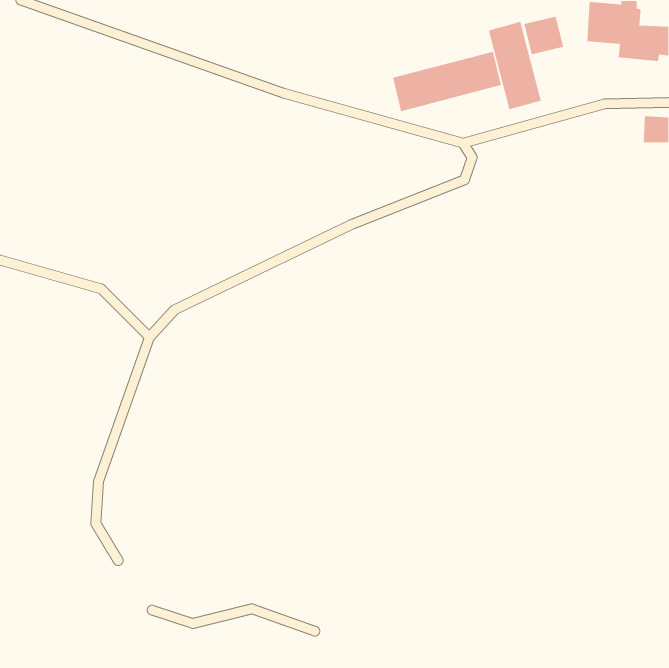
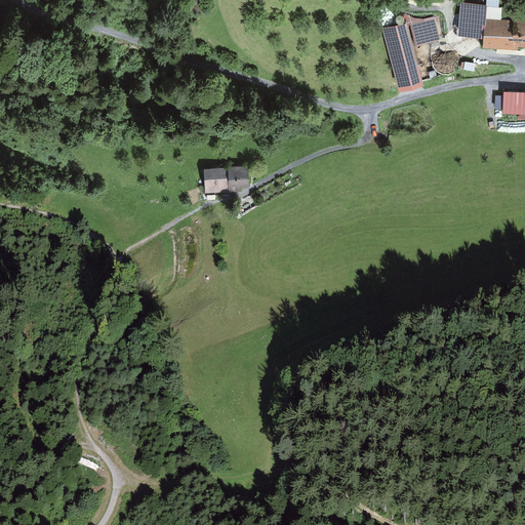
building: [392,51,502,112] -> none
building: none -> [202,167,248,193]

